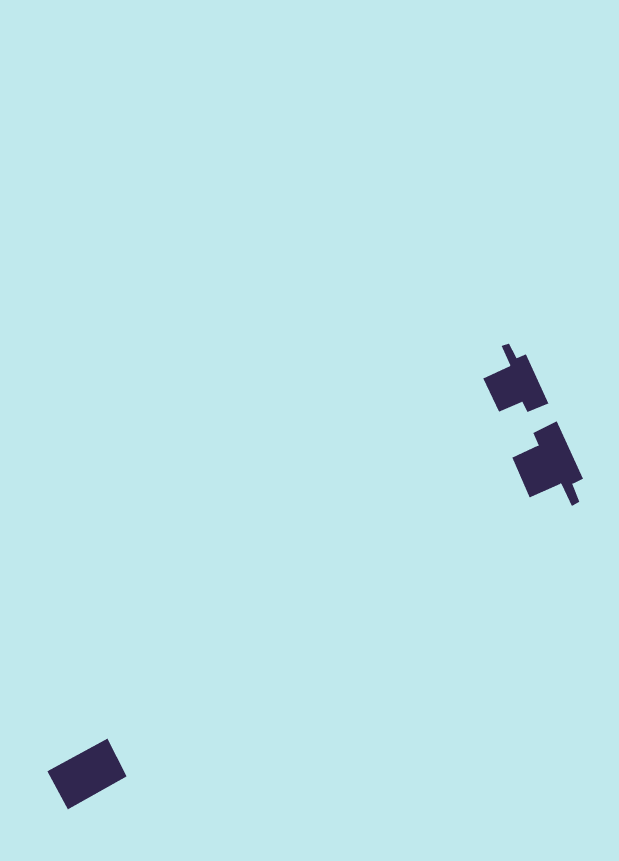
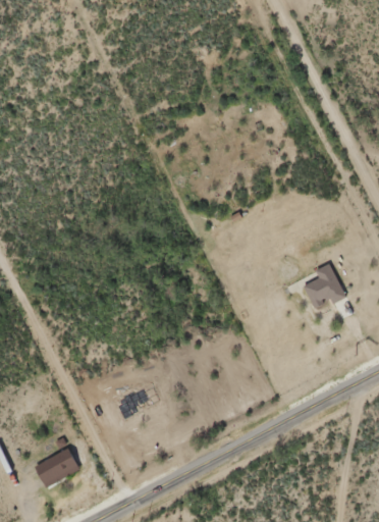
building: [483,343,549,413] -> none

